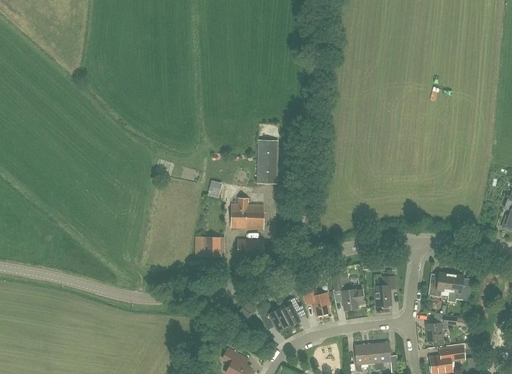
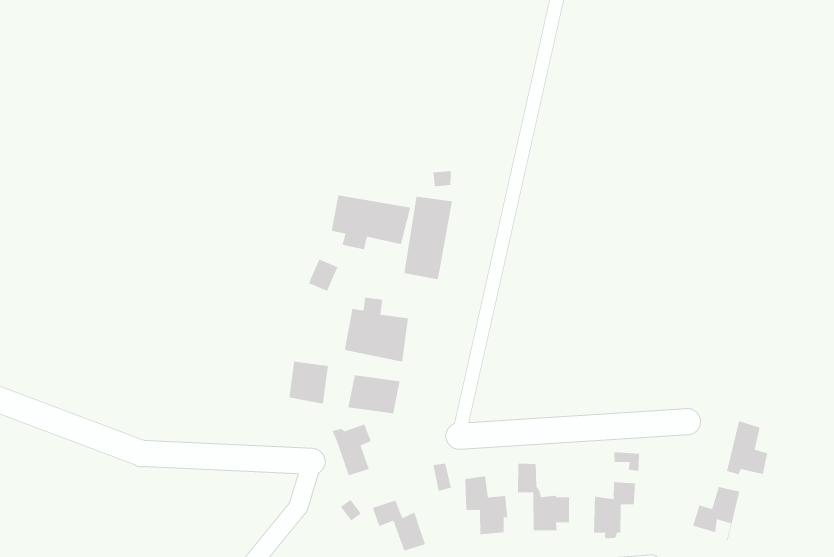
building: none -> [331,194,411,250]
building: [448,273,469,302] -> [726,420,768,475]
building: [277,296,300,325] -> [332,424,372,476]

